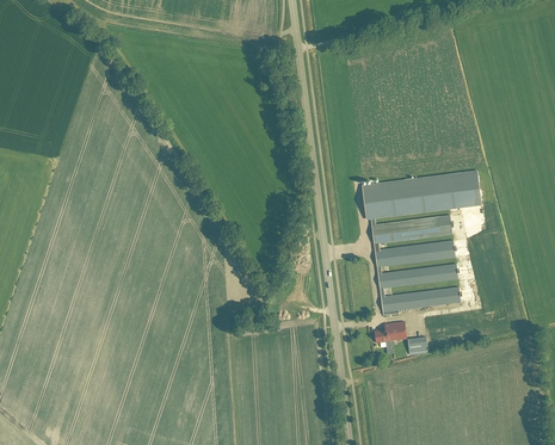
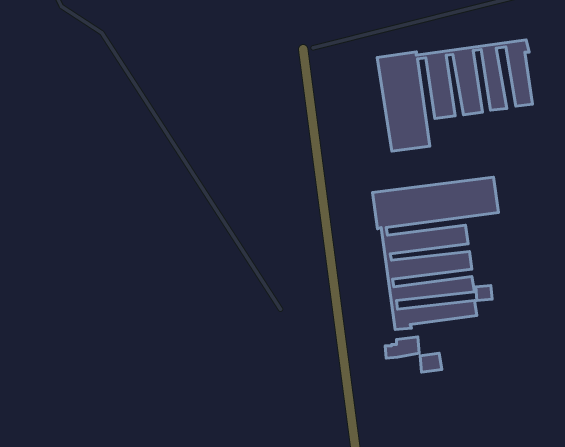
building: none -> [377,40,532,151]

